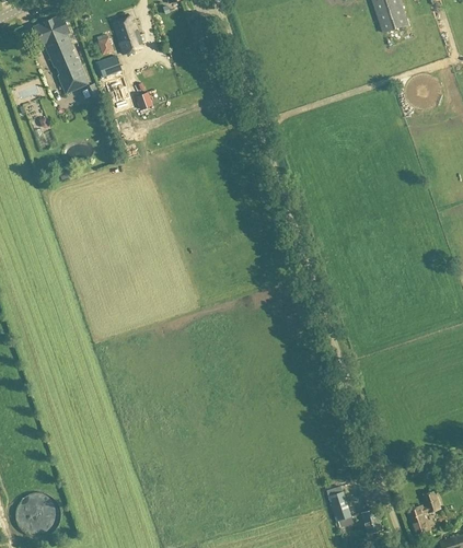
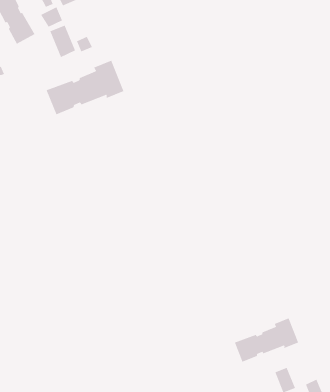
building: none -> [46,60,124,115]
building: none -> [234,318,299,363]

